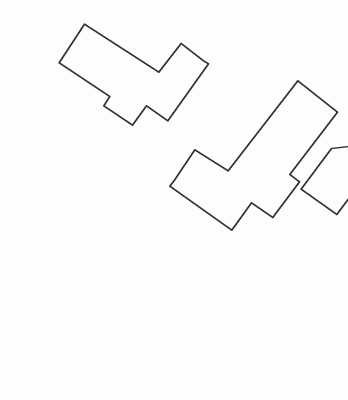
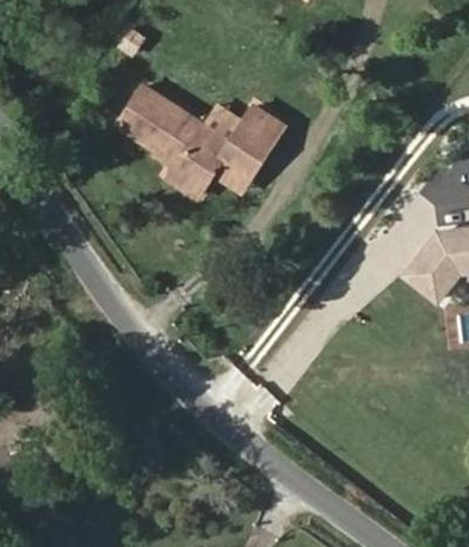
building: [170,81,338,230] -> none

